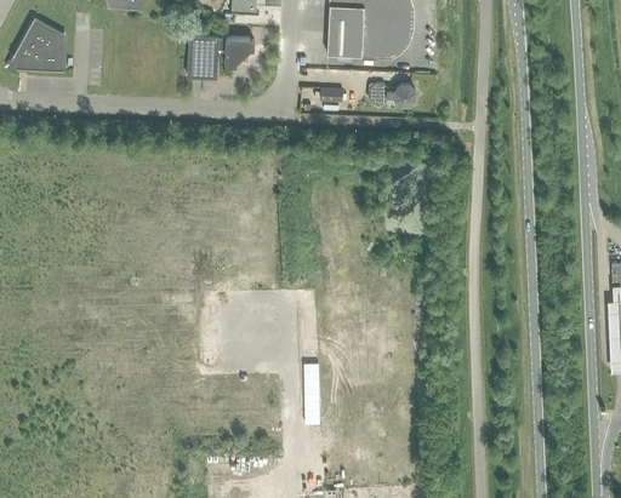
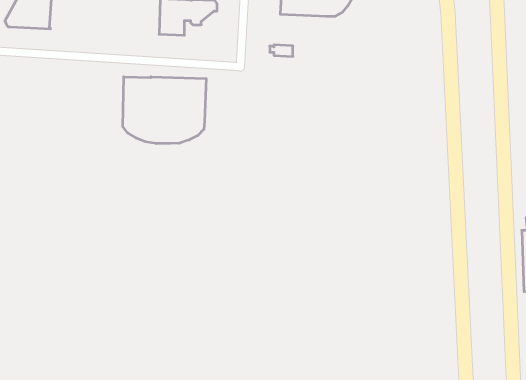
building: [368,82,416,105] -> none
building: none -> [123,77,206,144]

